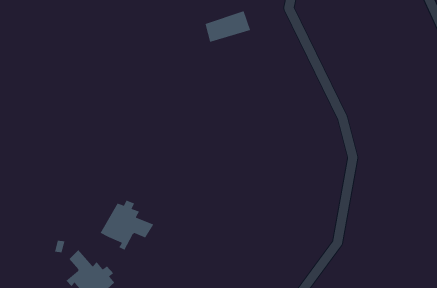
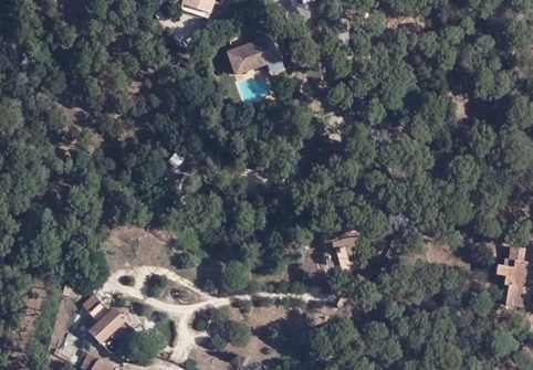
building: [100,199,154,251] -> none

